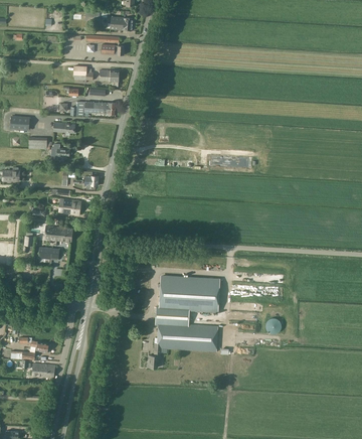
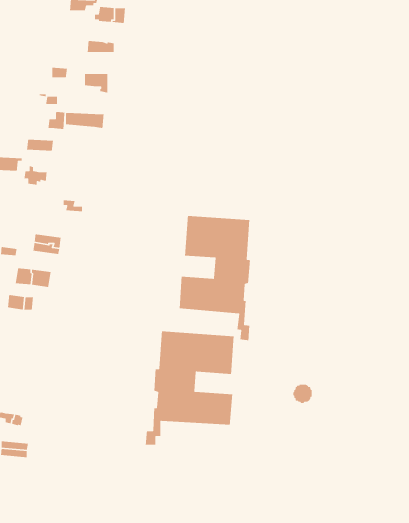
building: none -> [179,215,251,341]

